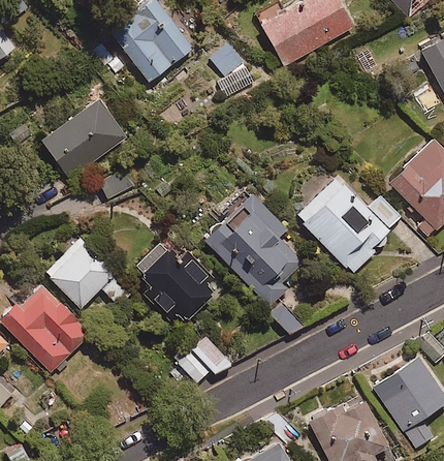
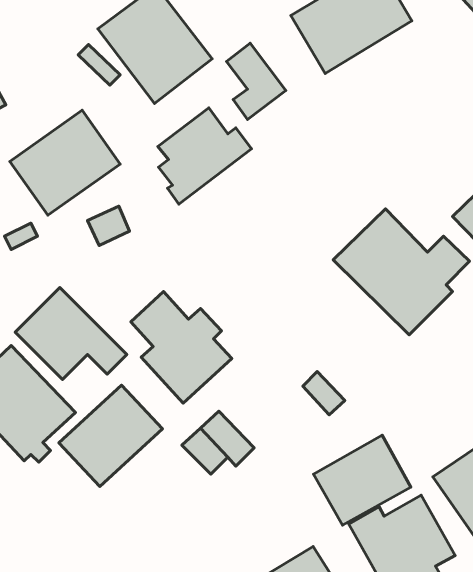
building: none -> [158,108,252,204]
building: [201,185,304,308] -> none
building: none -> [59,385,162,486]
building: none -> [314,435,411,525]

